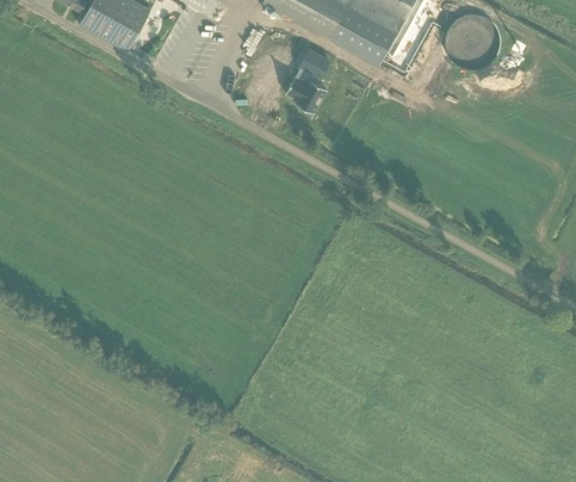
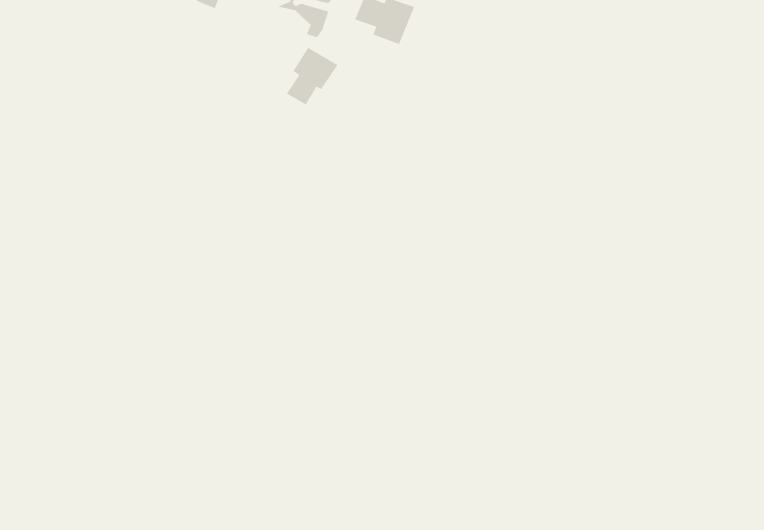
building: none -> [286,47,338,105]

